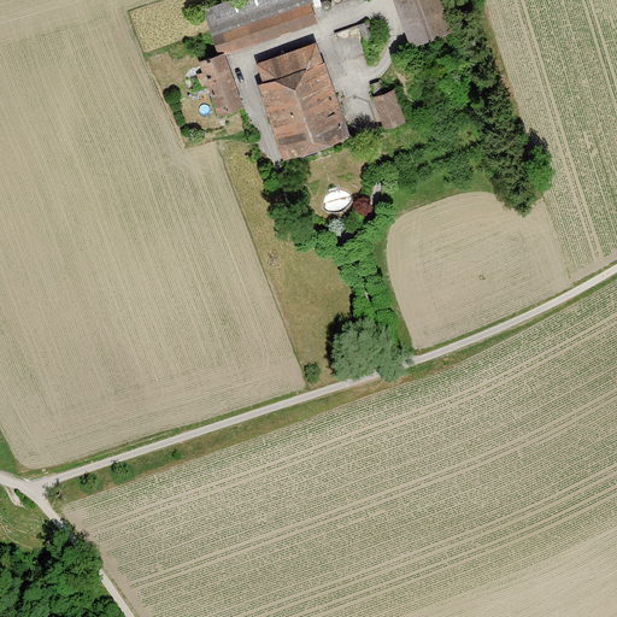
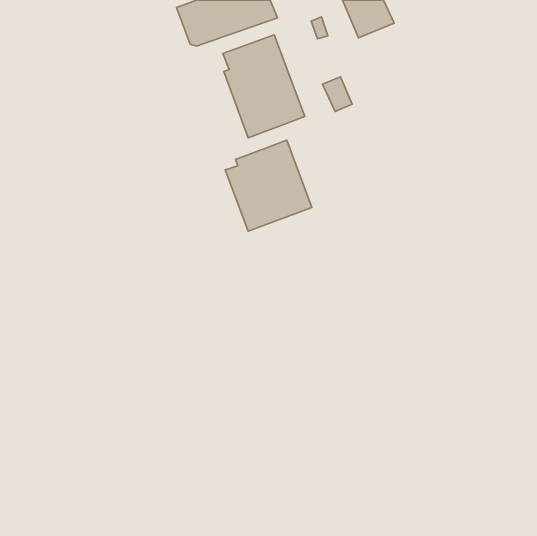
building: [194,52,242,112] -> none
building: none -> [225,140,312,231]

